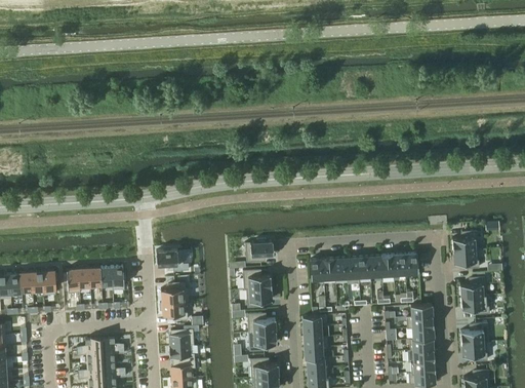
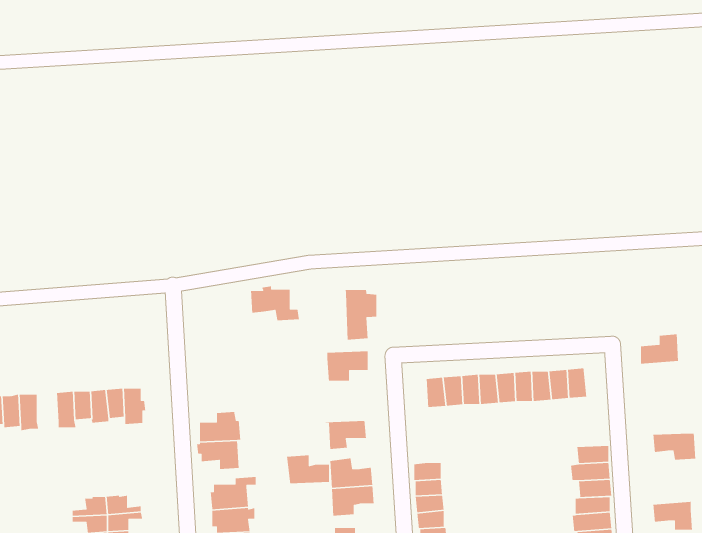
building: none -> [345,289,377,341]
building: [156,248,189,272] -> [250,286,300,321]
building: [452,249,479,269] -> none
building: [242,270,271,289] -> [286,455,330,484]
building: [459,278,485,298] -> none
building: [460,323,488,344] -> none

